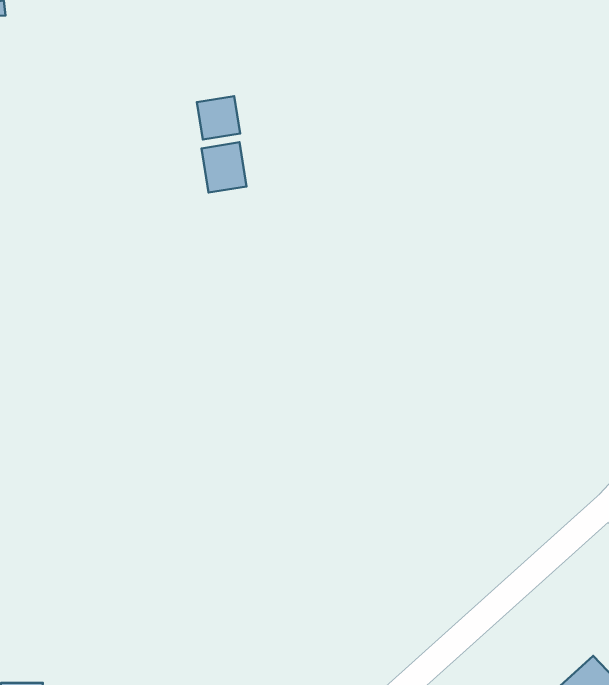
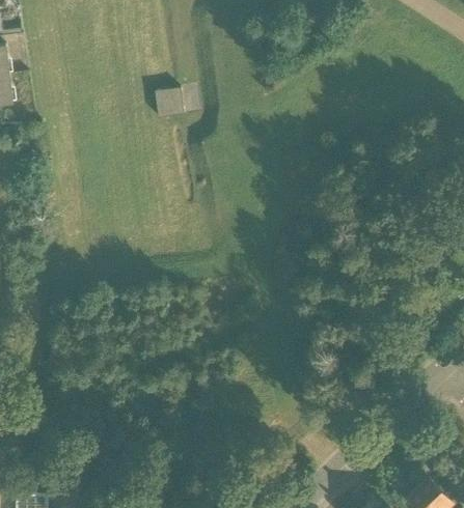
building: [201,142,246,193] -> none

